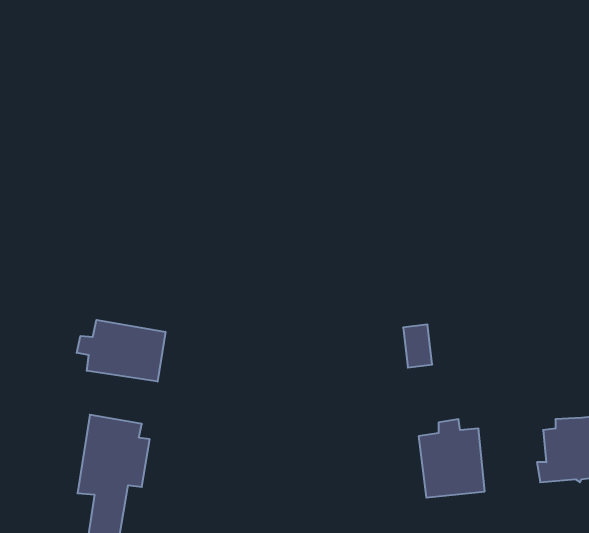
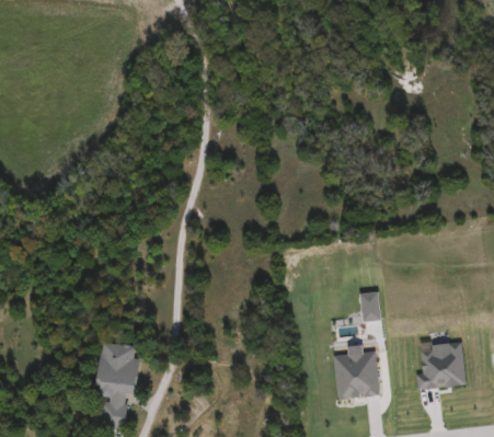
building: [77,320,165,382] -> none
building: [403,325,432,368] -> [360,291,381,322]

